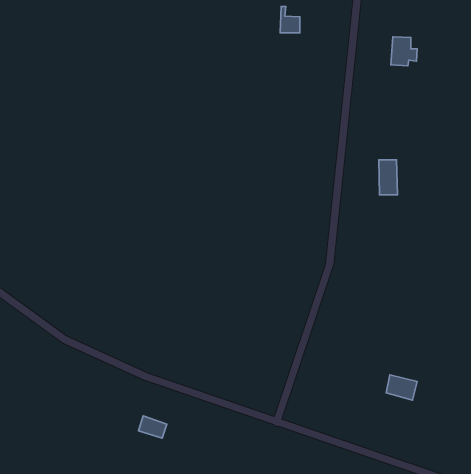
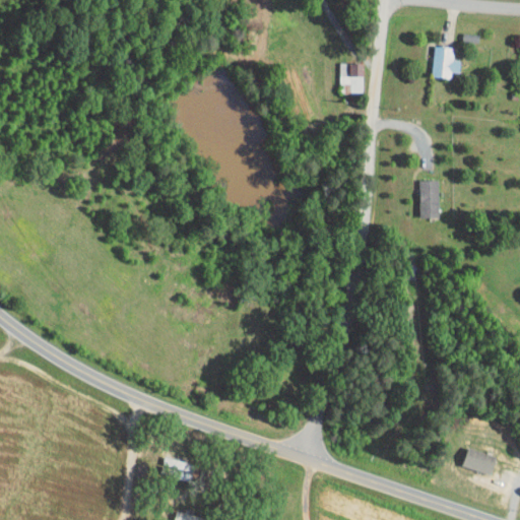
building: [280,7,300,33] -> [341,65,363,93]
building: [386,375,417,400] -> [464,448,498,475]

